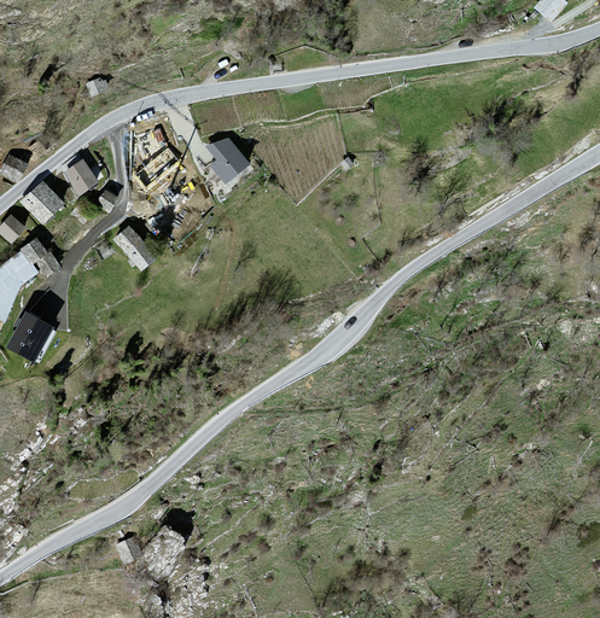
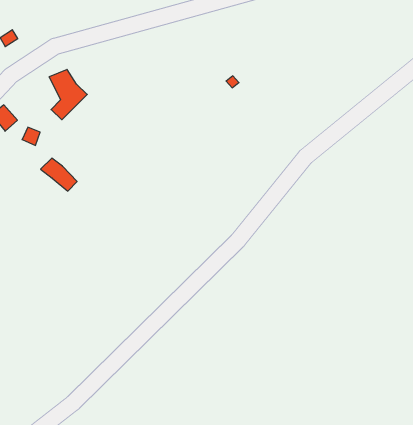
building: [208,138,247,180] -> none

